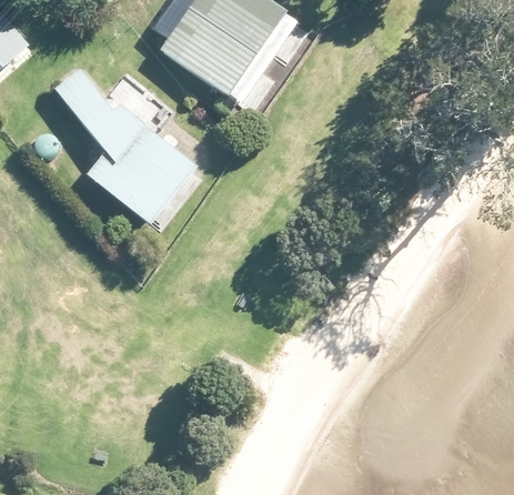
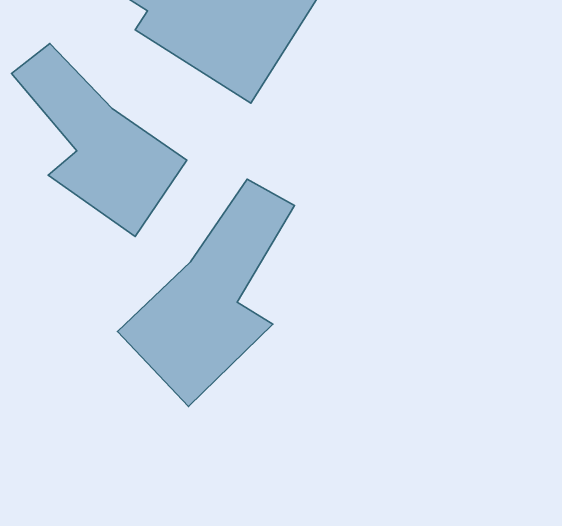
building: none -> [118,179,295,406]

